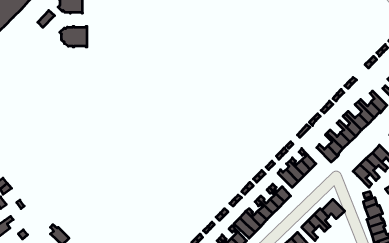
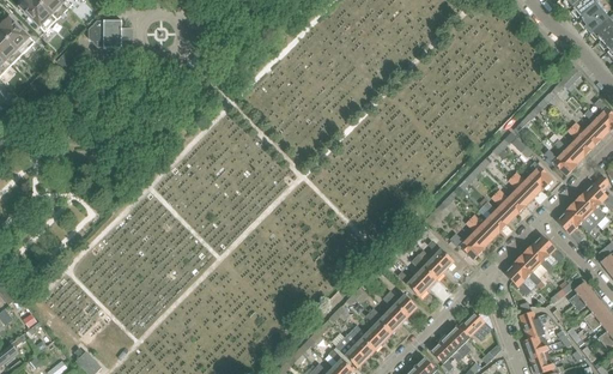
building: [60,26,87,47] -> none

